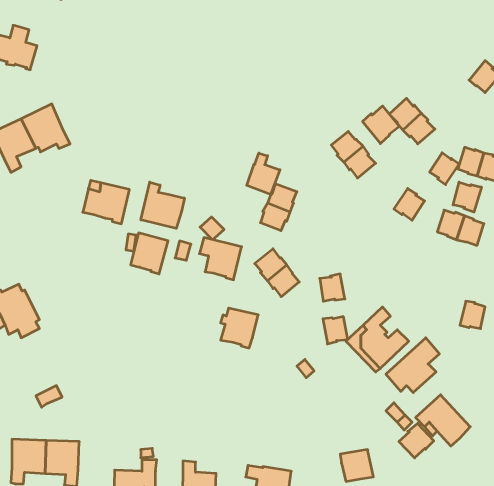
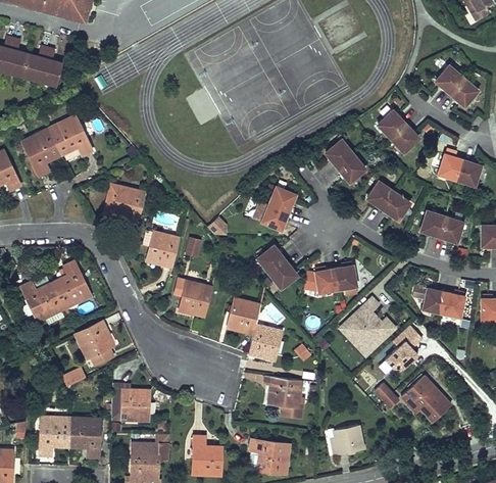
building: none -> [436,65,463,94]
building: [363,106,399,144] -> none
building: [430,153,459,185] -> [367,181,394,209]
building: [247,153,280,194] -> none
building: [453,182,481,212] -> none
building: [141,182,184,228] -> none
building: [199,238,242,280] -> [173,279,211,317]
building: none -> [51,260,91,308]
building: none -> [423,289,446,313]
building: [323,317,348,344] -> [334,265,356,290]
building: none -> [75,321,113,365]
building: none -> [248,325,282,359]
building: none -> [263,375,303,417]
building: none -> [111,384,148,421]
building: [399,423,434,458] -> none

